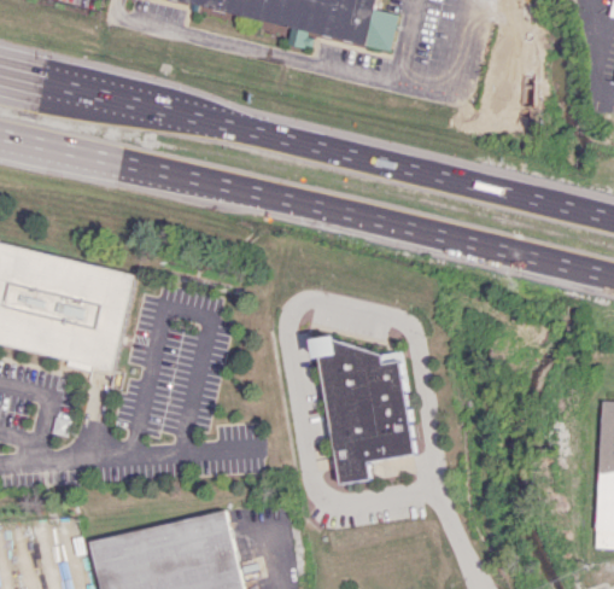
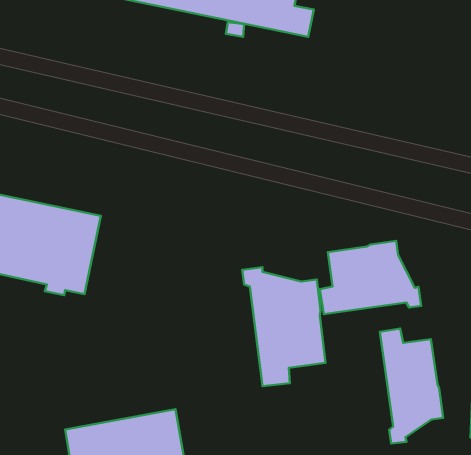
building: none -> [320,241,421,314]
building: none -> [380,328,443,444]

